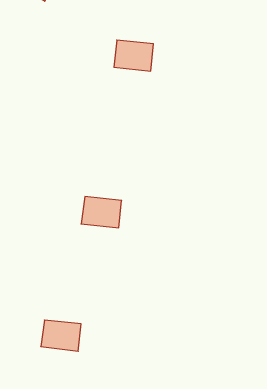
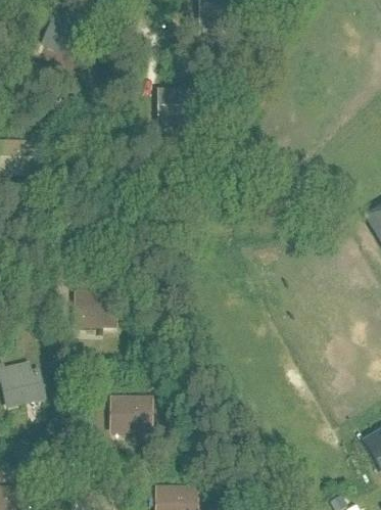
building: [81,197,122,228] -> [75,294,115,324]

